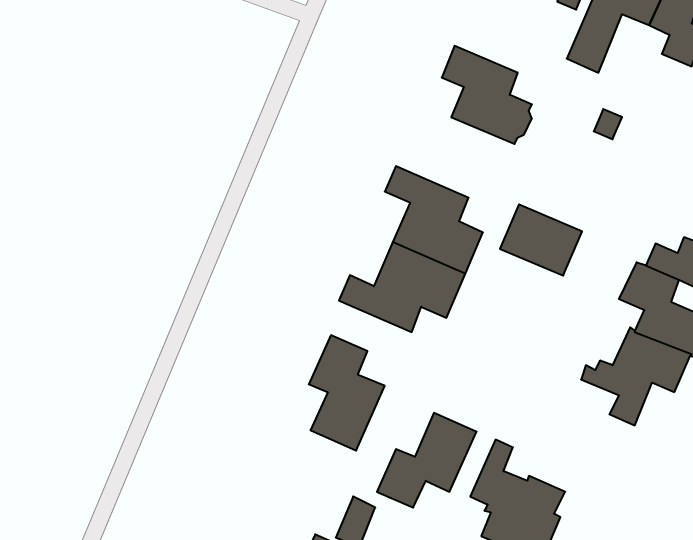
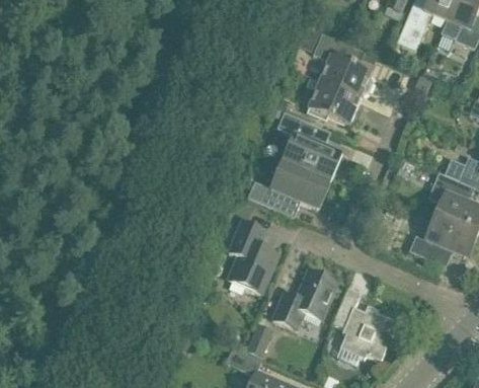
building: [500,204,582,276] -> [309,79,362,125]

